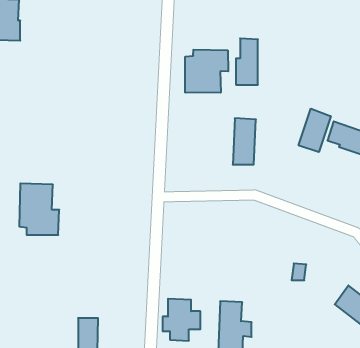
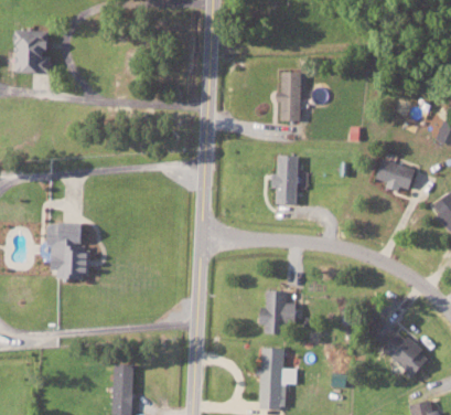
building: [185,50,228,93] -> none
building: [299,109,331,152] -> none
building: [163,299,200,341] -> [257,290,297,334]

